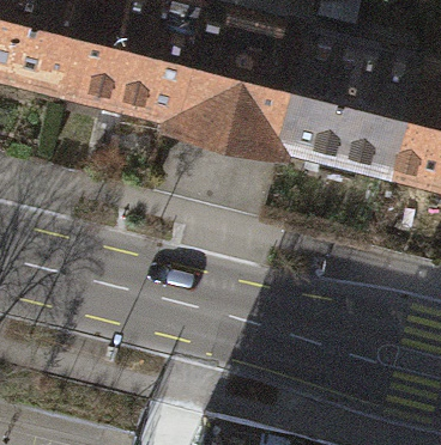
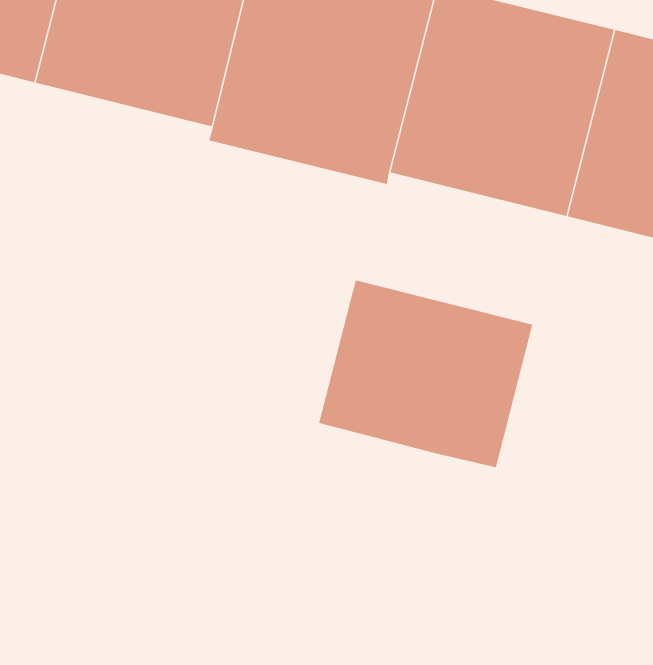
building: none -> [318,280,533,468]

